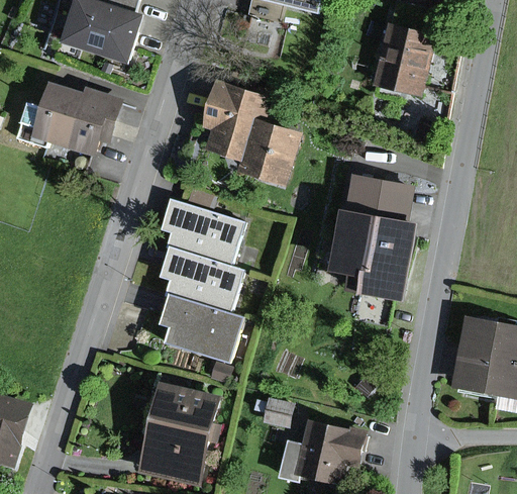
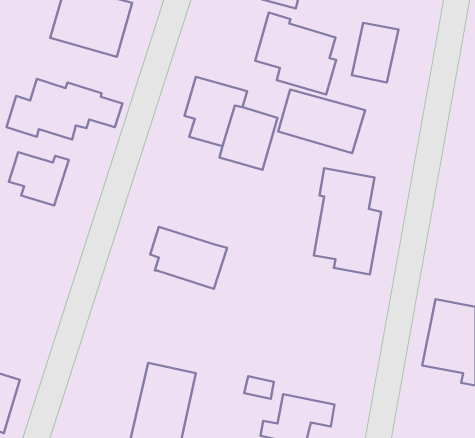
building: none -> [255,12,336,94]
building: none -> [278,89,365,153]
building: none -> [9,152,69,205]
building: [166,195,247,263] -> none
building: [163,290,245,359] -> none

